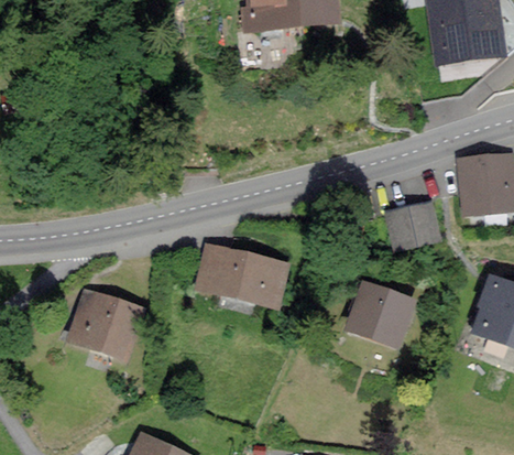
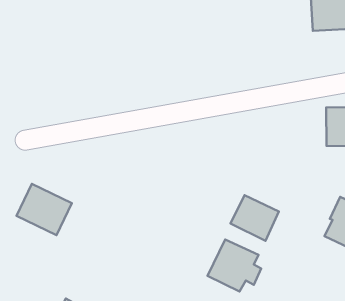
building: [387,204,436,247] -> none
building: [198,245,285,303] -> none
building: none -> [207,240,261,292]

